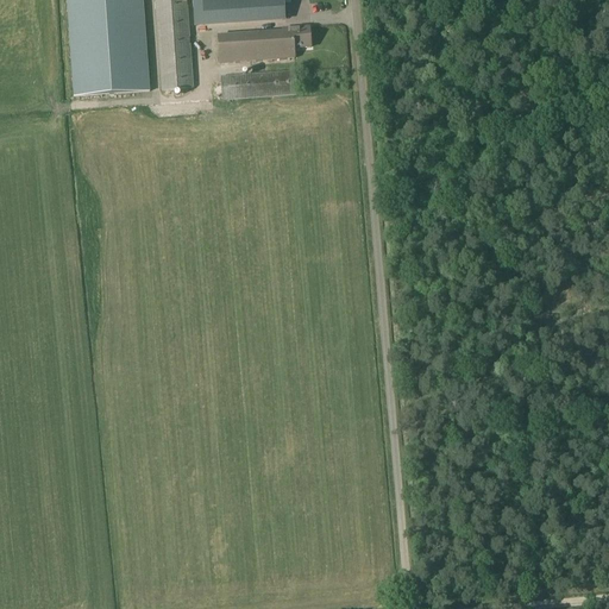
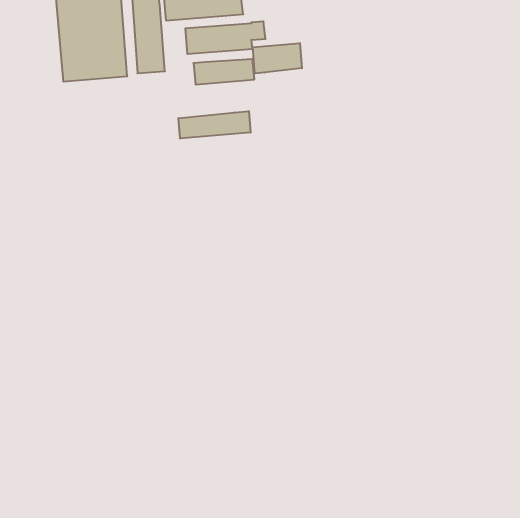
building: none -> [253,43,302,74]
building: none -> [179,111,251,139]

